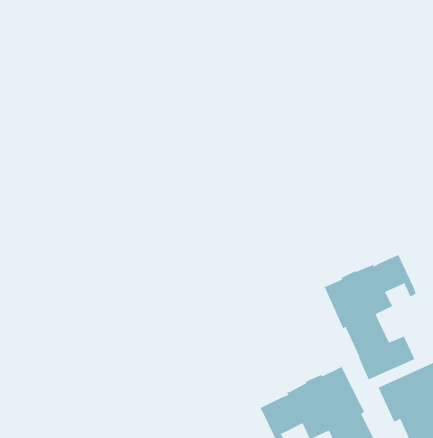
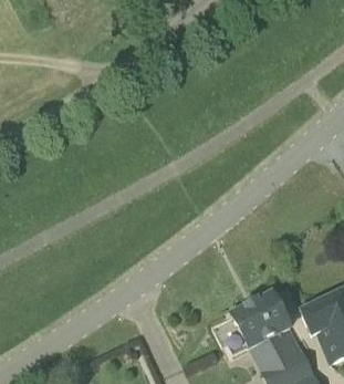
building: [324,254,416,380] -> none

